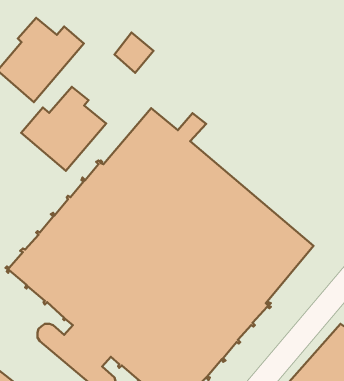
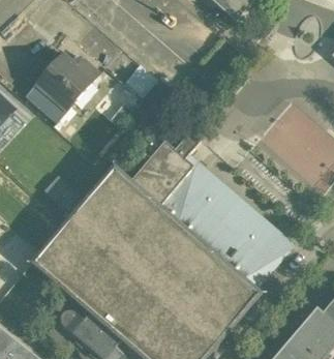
building: [21,87,106,171] -> none

